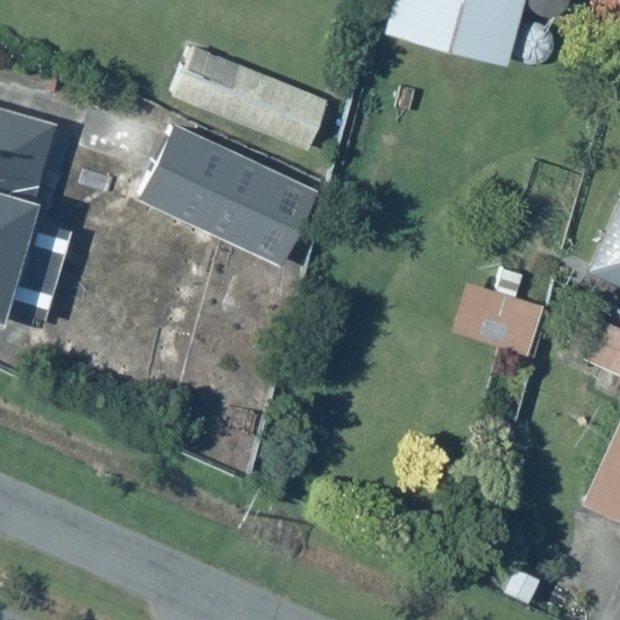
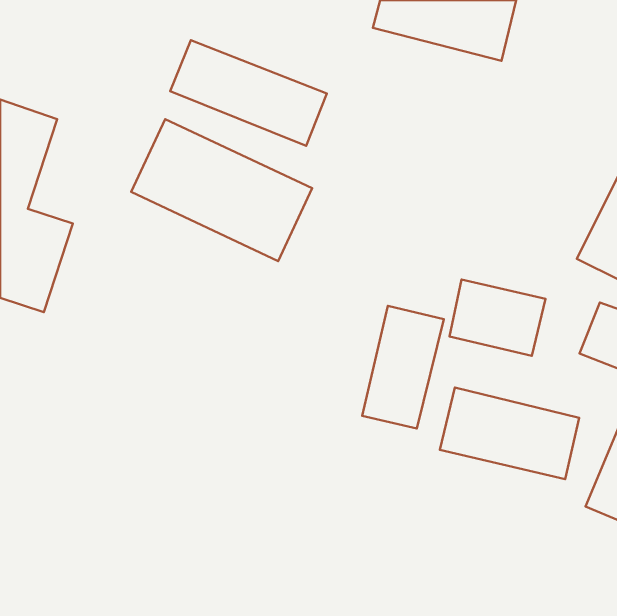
building: none -> [362,306,444,428]
building: none -> [440,387,579,479]

